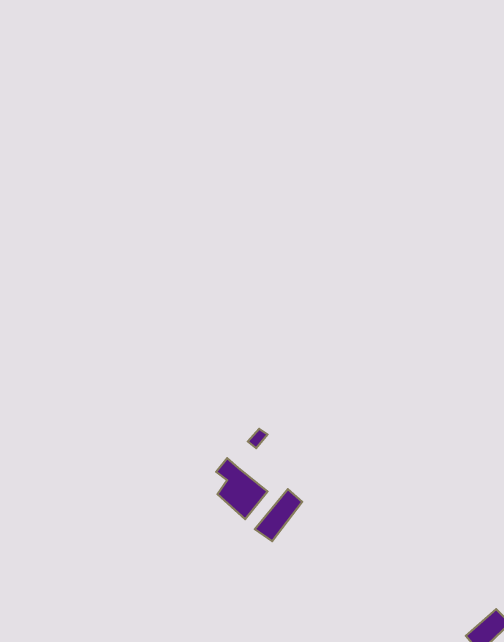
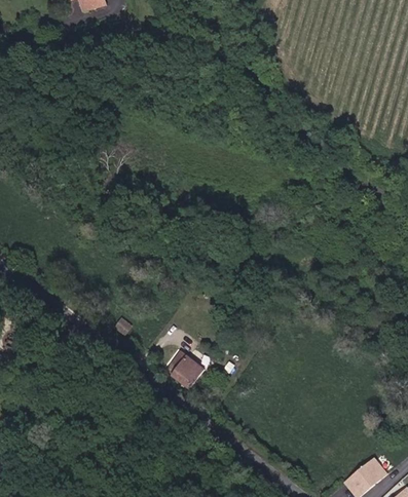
building: [255,489,302,541] -> none

